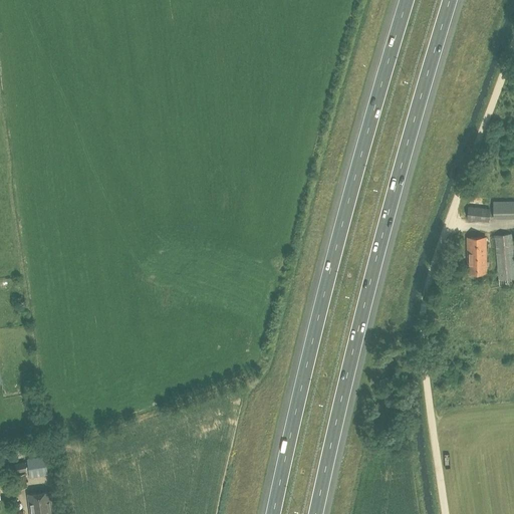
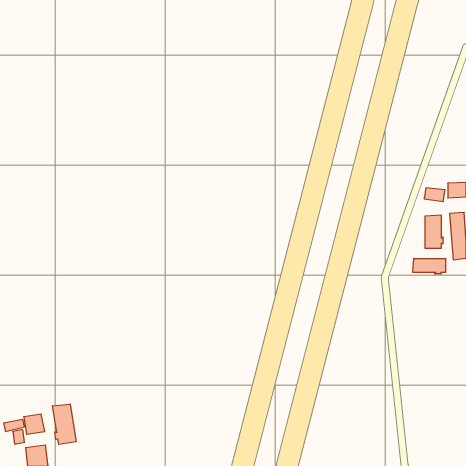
building: none -> [413,258,445,274]
building: none -> [53,404,76,444]

